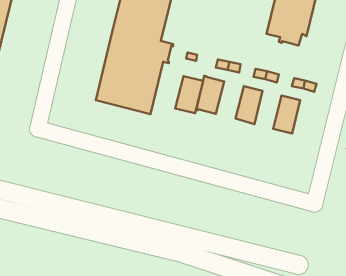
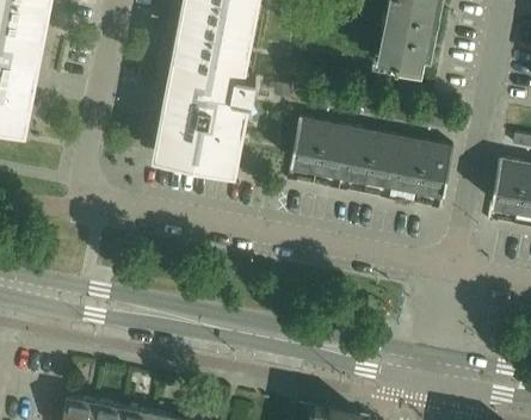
building: [175,76,203,113] -> [316,129,351,177]
building: none -> [368,138,401,187]
building: none -> [418,148,452,198]

